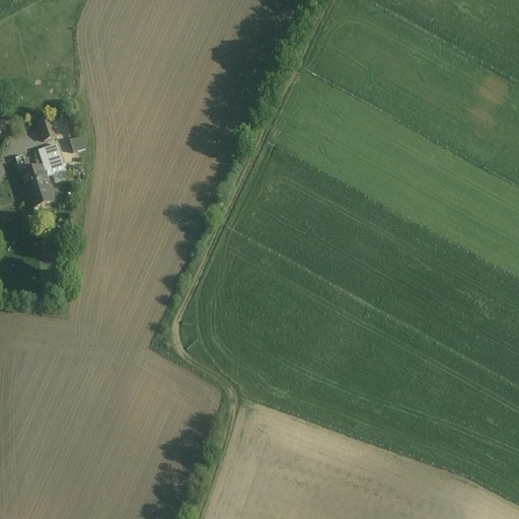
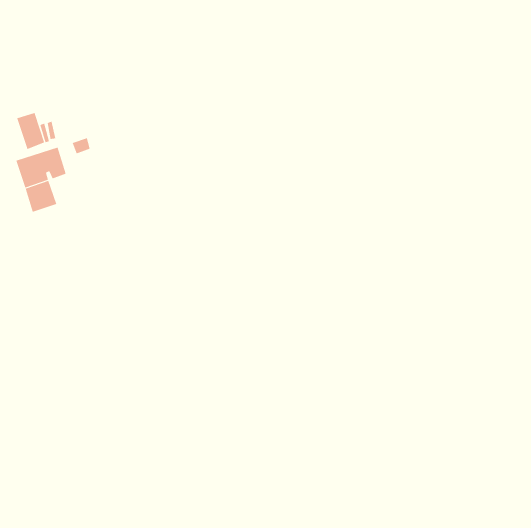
building: none -> [16,112,45,150]

